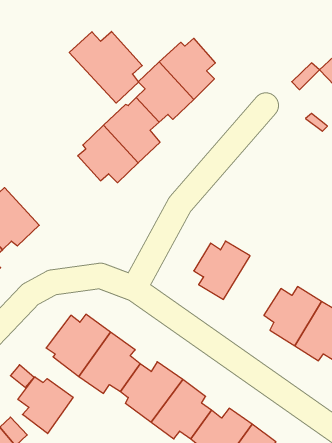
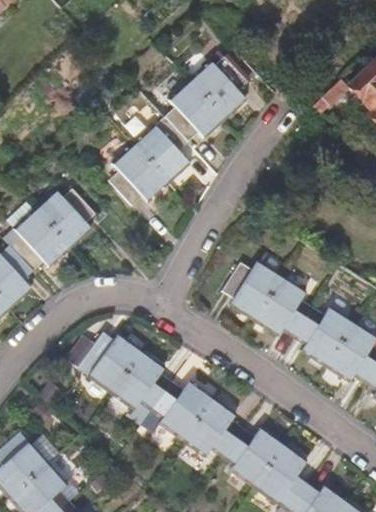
building: [69,31,142,103] -> none
building: none -> [34,181,91,244]
building: none -> [255,275,313,336]
building: [18,377,73,434] -> none

